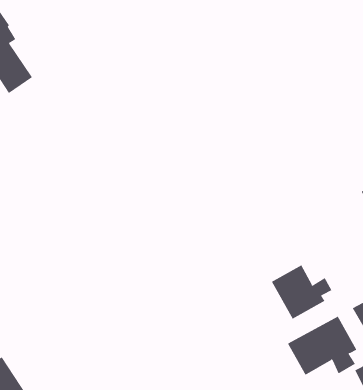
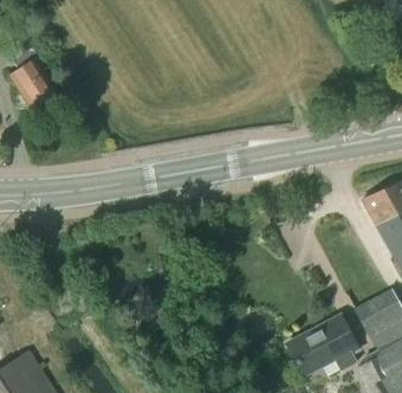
building: [271,265,332,319] -> none

